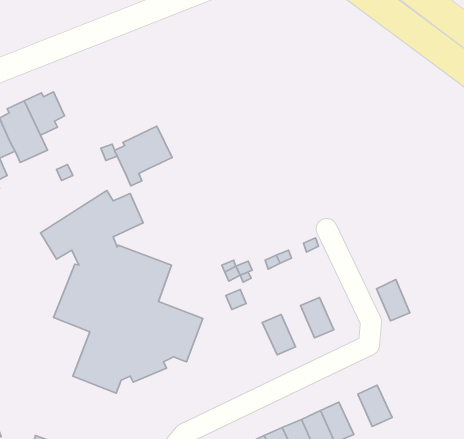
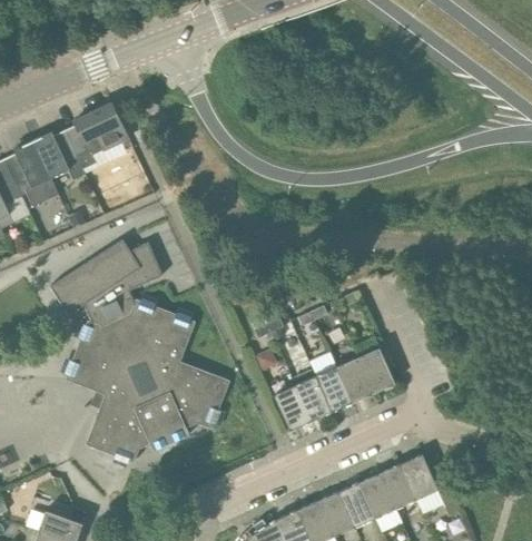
building: [115,126,172,186] -> [65,104,128,169]
building: [377,280,410,321] -> [358,347,395,393]
building: none -> [316,366,353,412]
building: none -> [274,385,312,431]
building: none -> [380,464,416,509]

